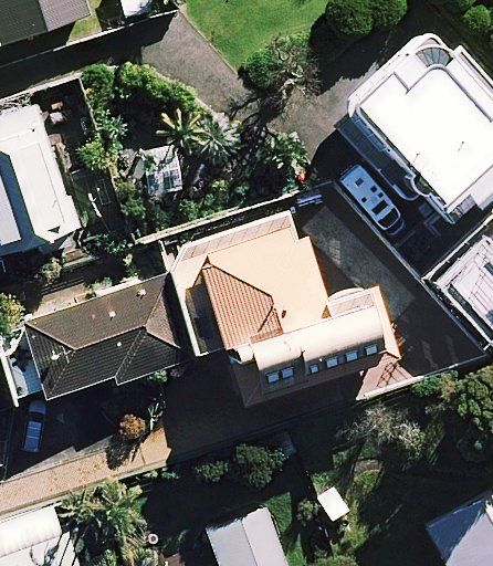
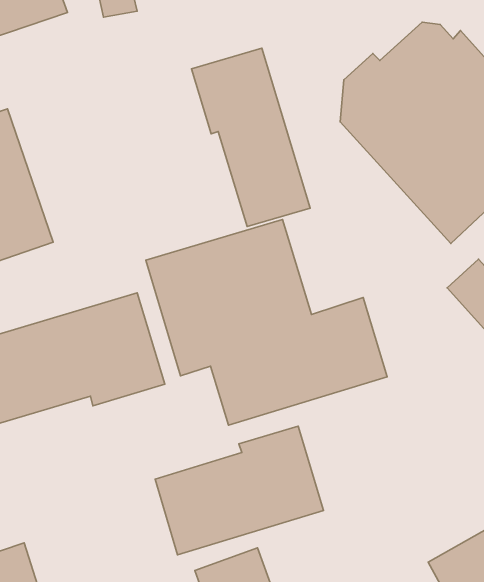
building: none -> [192,48,310,226]
building: none -> [155,426,323,555]

